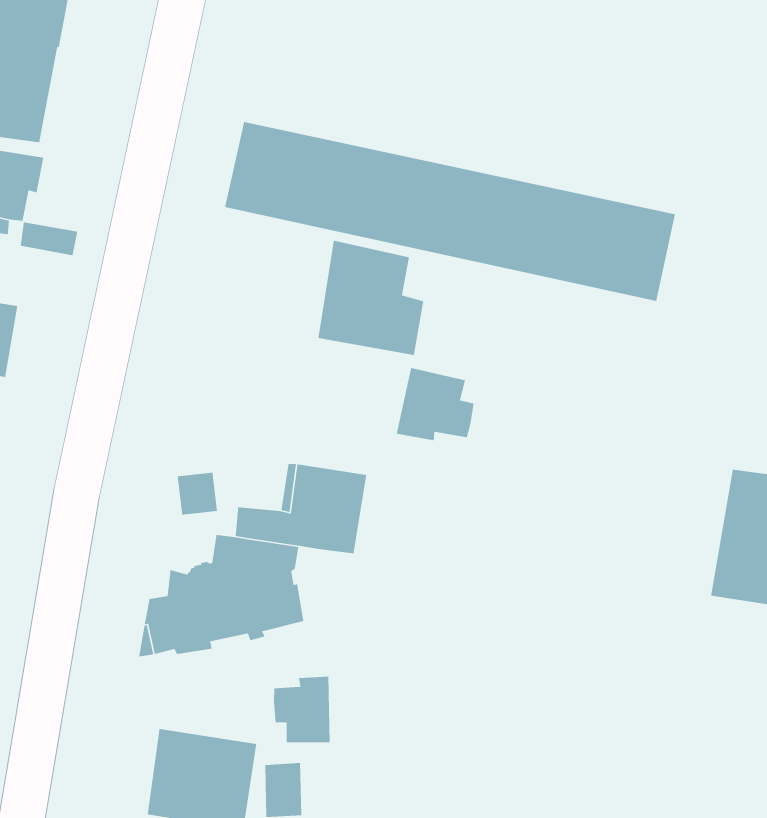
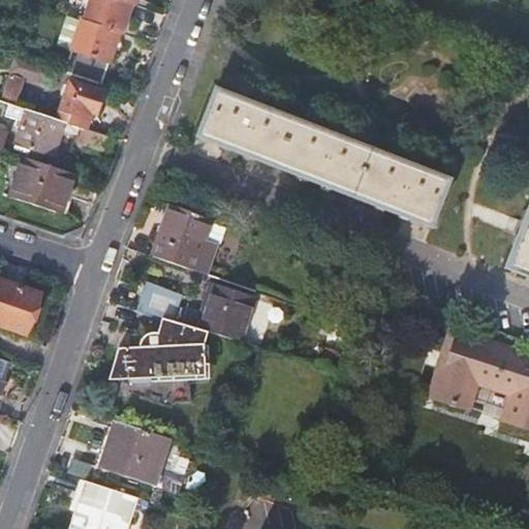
building: [318,240,424,356] -> [154,204,217,276]
building: [396,367,474,441] -> none
building: [273,676,331,743] -> none

